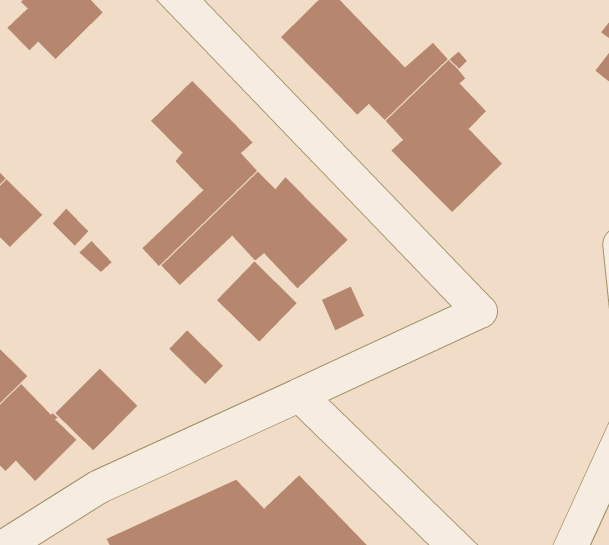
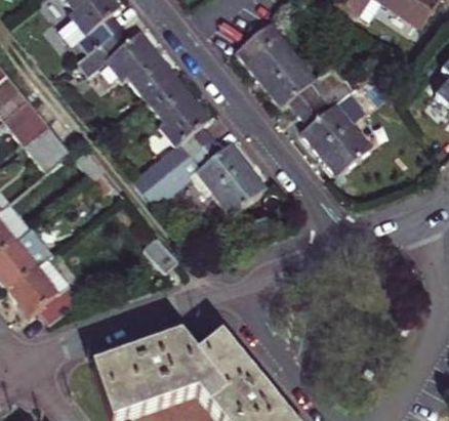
building: none -> [76,25,174,97]
building: [216,261,298,343] -> none
building: [55,368,138,451] -> none

